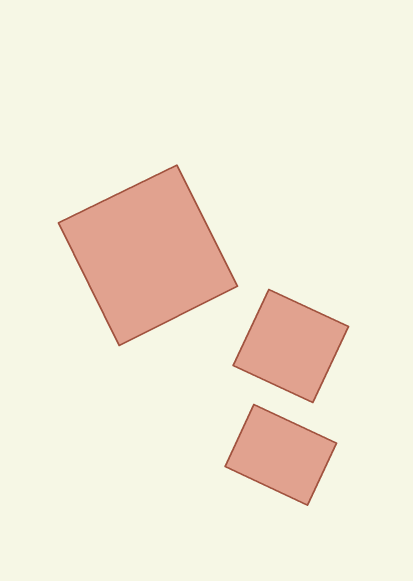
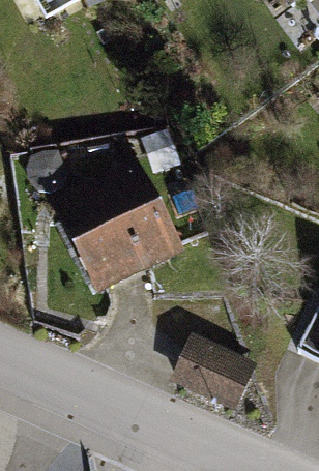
building: [233,289,348,403] -> none

